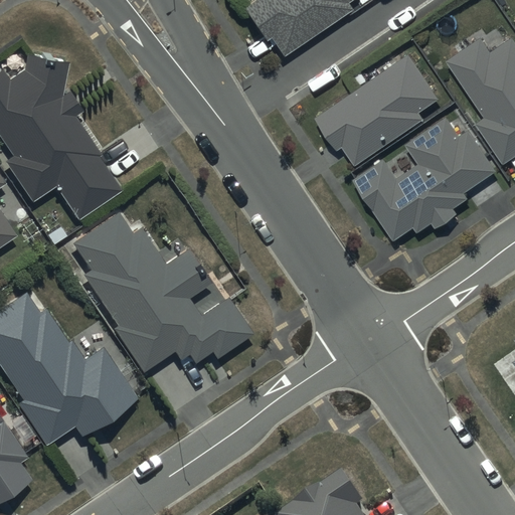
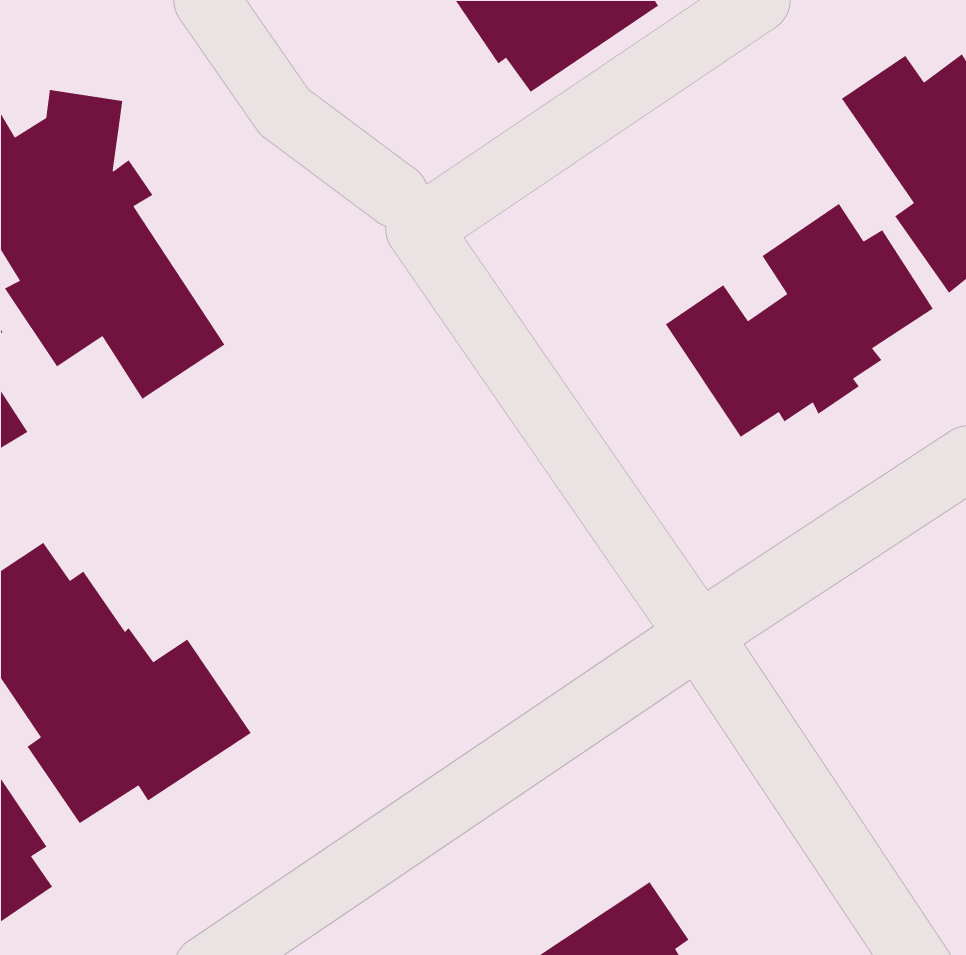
building: [317,53,439,164] -> none
building: [71,211,251,371] -> none

